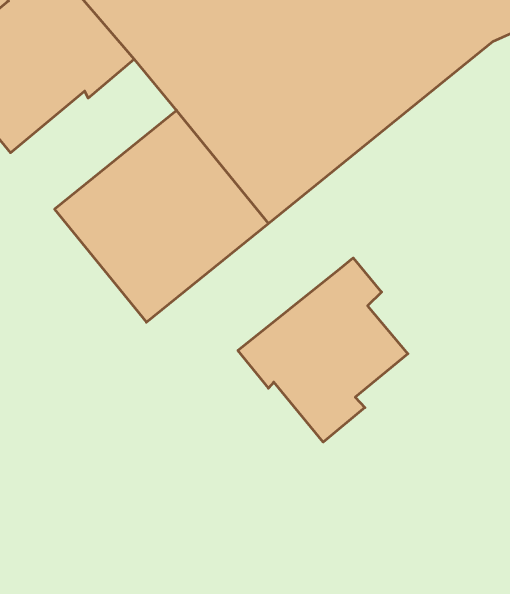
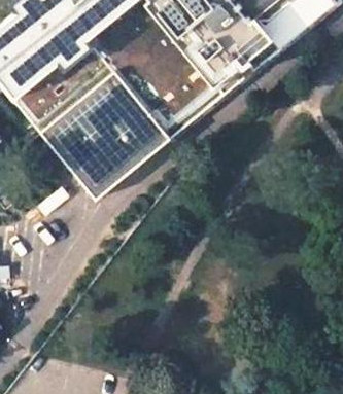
building: none -> [20,42,116,130]
building: [238,258,408,442] -> none

